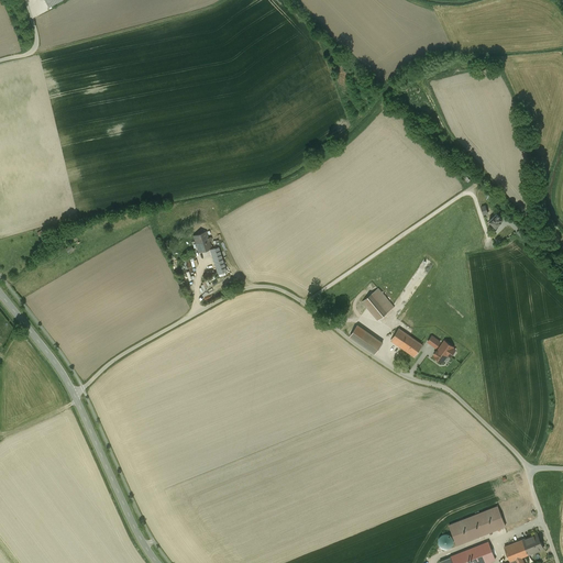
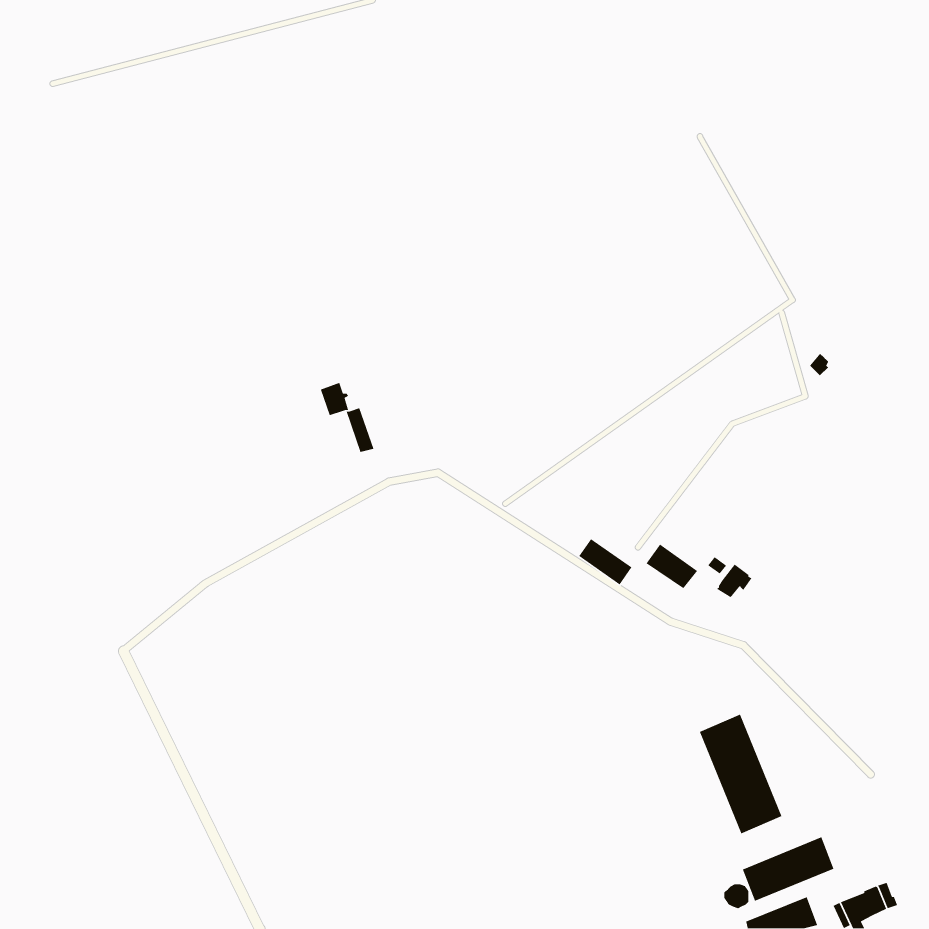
building: [362,288,394,320] -> none
building: none -> [699,714,783,835]

